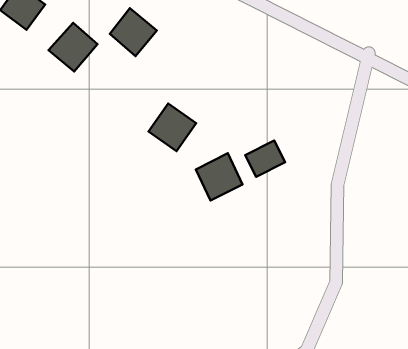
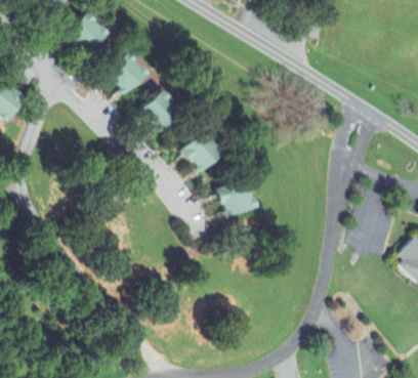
building: [110,8,157,56] -> [142,90,182,131]
building: [245,140,285,177] -> none

